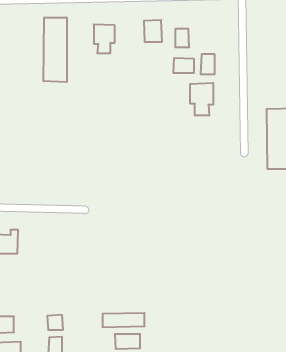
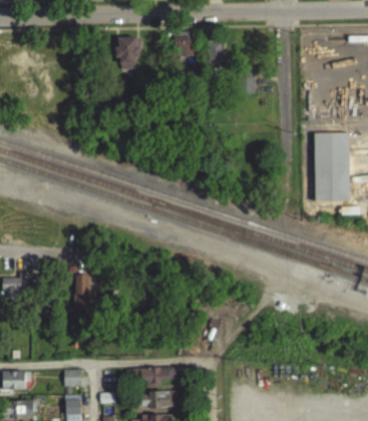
building: [44,17,67,82] -> none
building: [173,58,194,73] -> none
building: [190,83,213,116] -> none
building: none -> [74,274,94,310]

